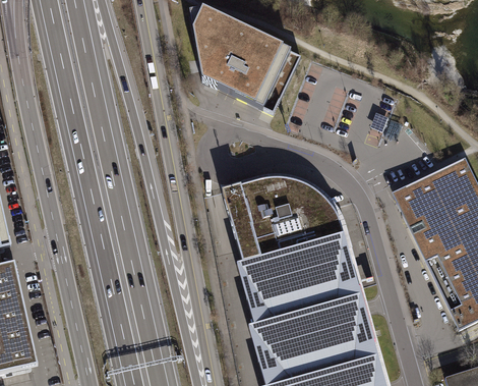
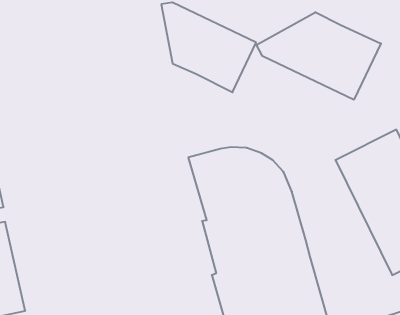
building: none -> [256,12,381,100]

